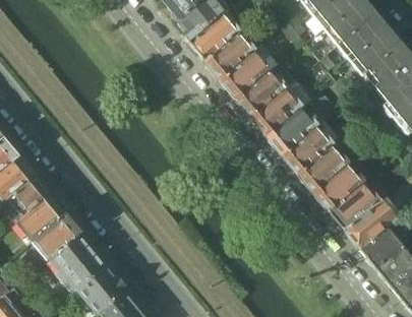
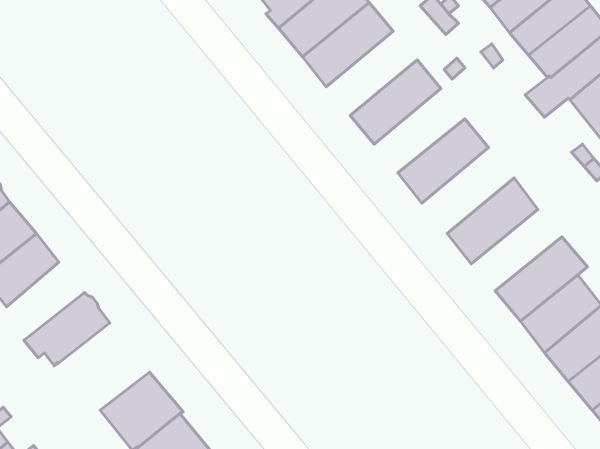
building: [222,47,280,101] -> none
building: [252,83,310,137] -> none
building: [283,121,342,176] -> none
building: [314,161,372,212] -> none
building: [17,194,67,241] -> none
building: [50,233,109,294] -> none

